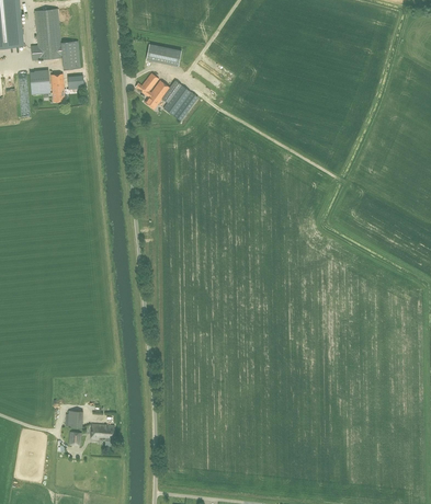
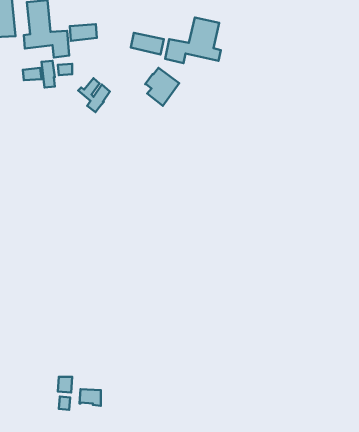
building: none -> [165,17,221,63]
building: none -> [70,24,97,41]
building: [135,72,169,108] -> [78,78,110,112]

